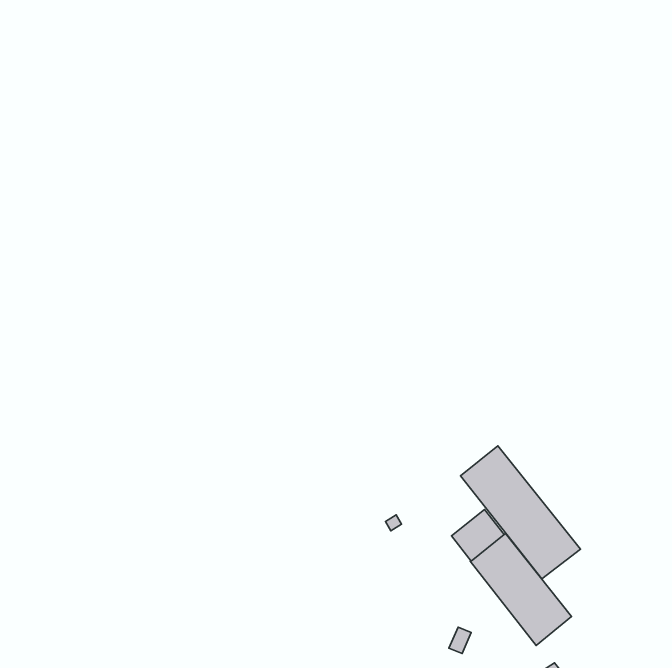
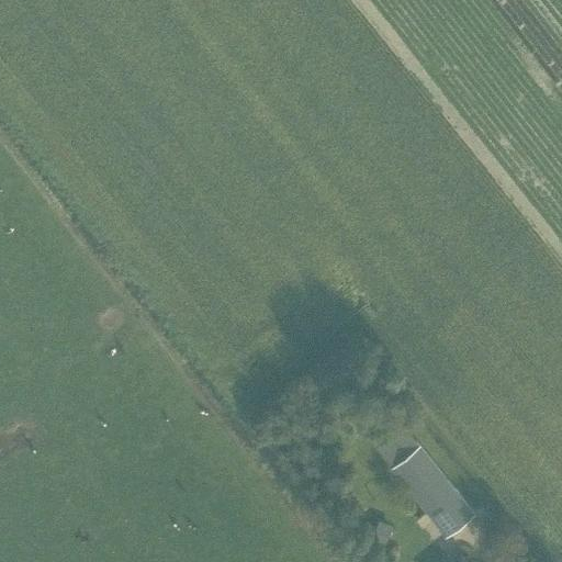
building: [460,446,581,579] -> none

